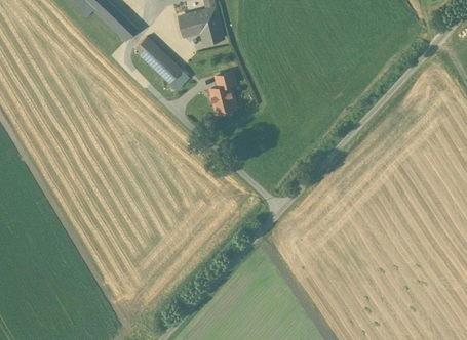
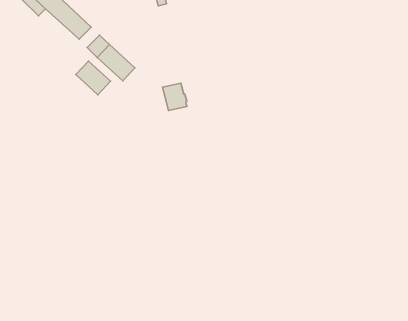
building: [179,8,224,44] -> none
building: none -> [76,61,110,95]

